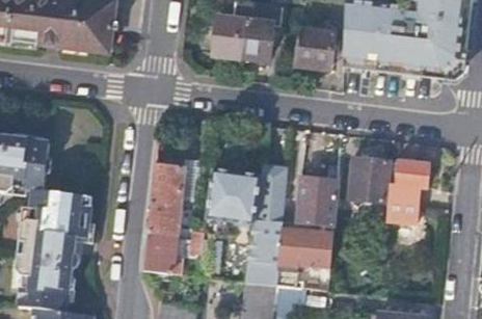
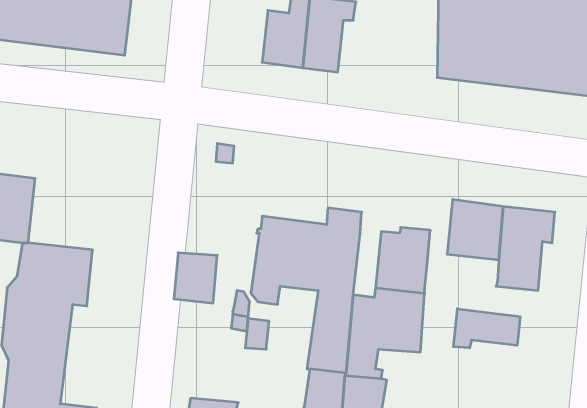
building: [294,29,333,70] -> none
building: [151,162,183,197] -> none
building: [143,230,177,272] -> none
building: none -> [453,309,520,348]

